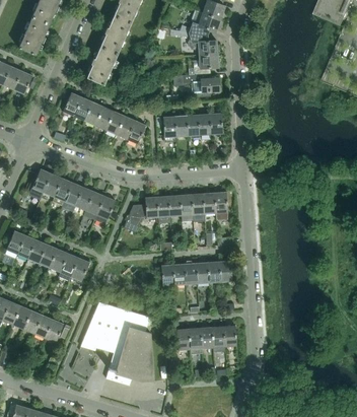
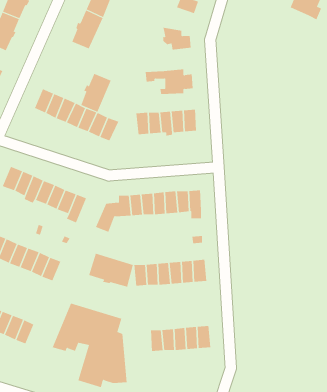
building: [180,11,220,36] -> none
building: [86,47,117,85] -> [80,73,111,112]
building: [189,53,218,75] -> none
building: none -> [88,253,134,288]

